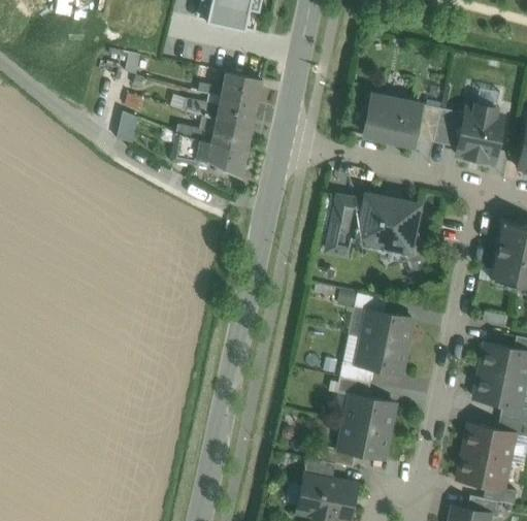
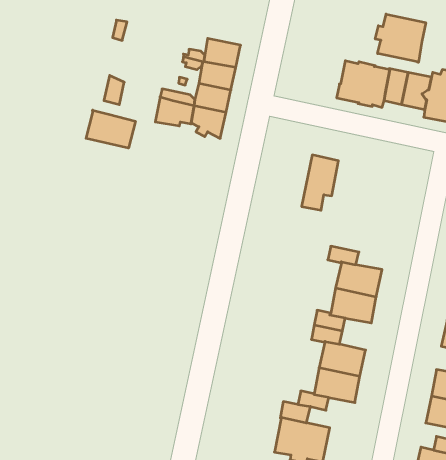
building: none -> [375,14,426,62]
building: none -> [86,110,135,148]
building: [359,196,418,250] -> none

